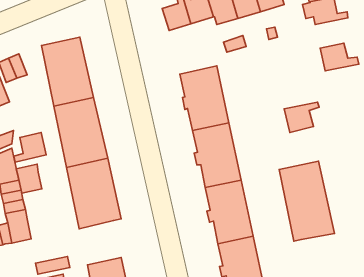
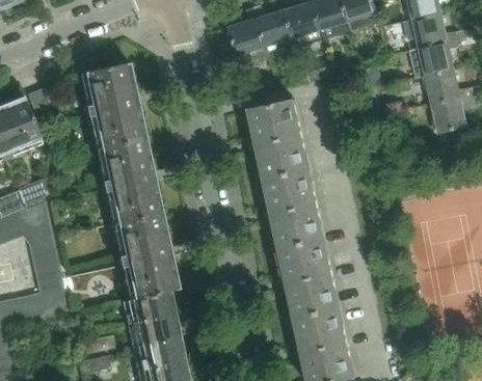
building: none -> [409,39,461,78]
building: [284,102,319,132] -> [431,97,475,134]
building: [14,133,46,162] -> none
building: [279,161,335,241] -> none
building: [16,164,42,193] -> none
building: none -> [127,290,179,345]

